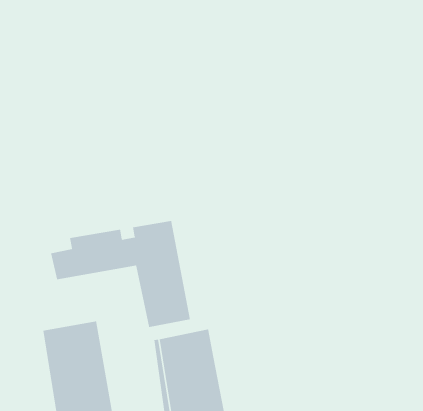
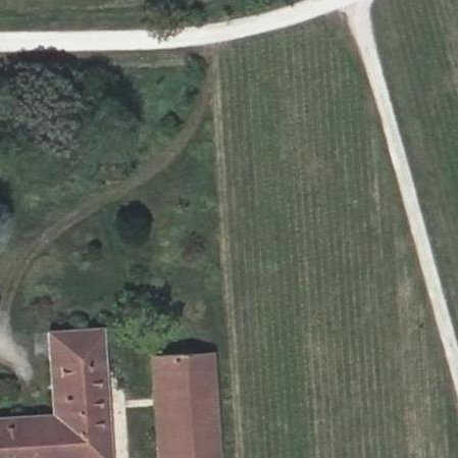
building: [51,220,191,328] -> none

